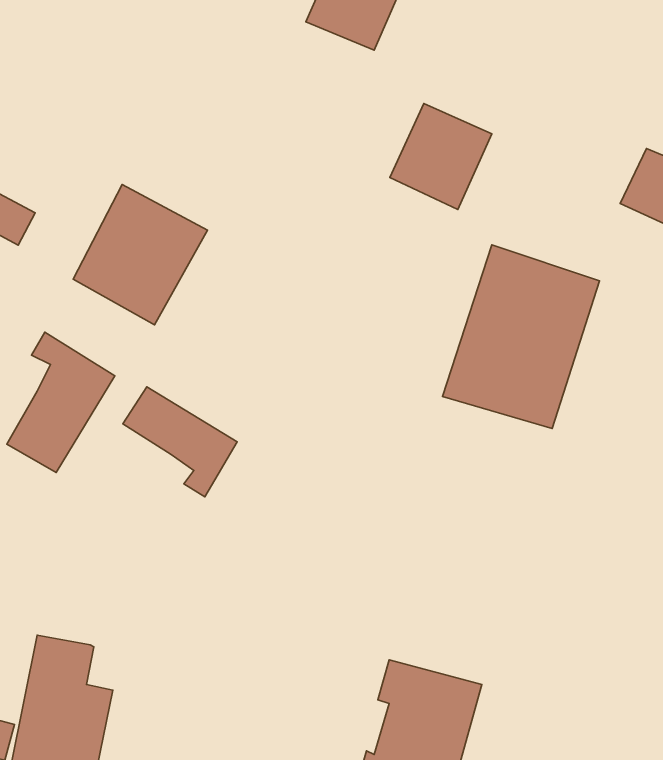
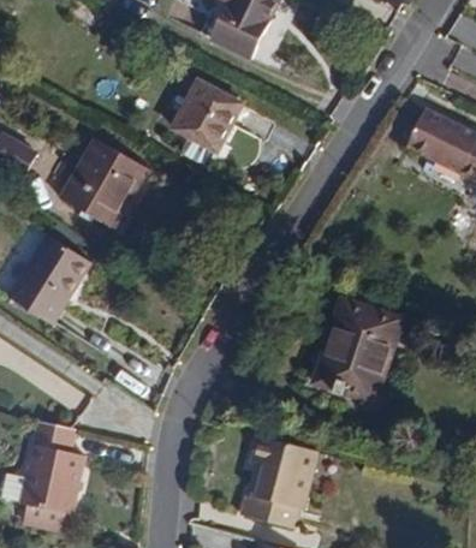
building: [390,104,492,210] -> [177,77,242,144]
building: [443,245,600,429] -> [310,294,410,411]
building: [123,387,237,497] -> none

